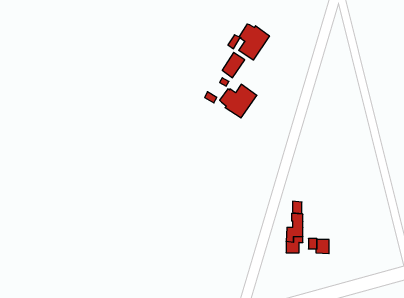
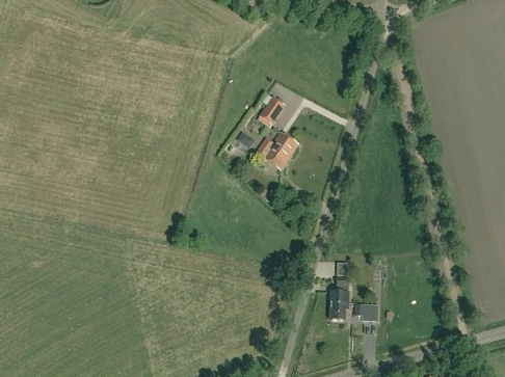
building: [239,24,269,60] -> none

